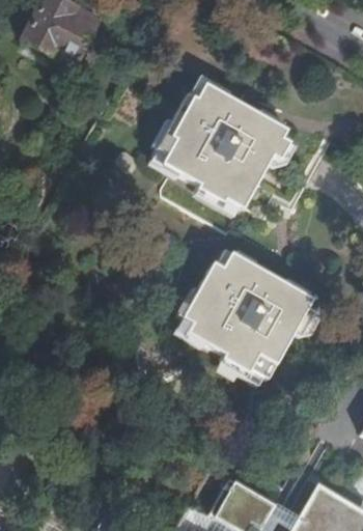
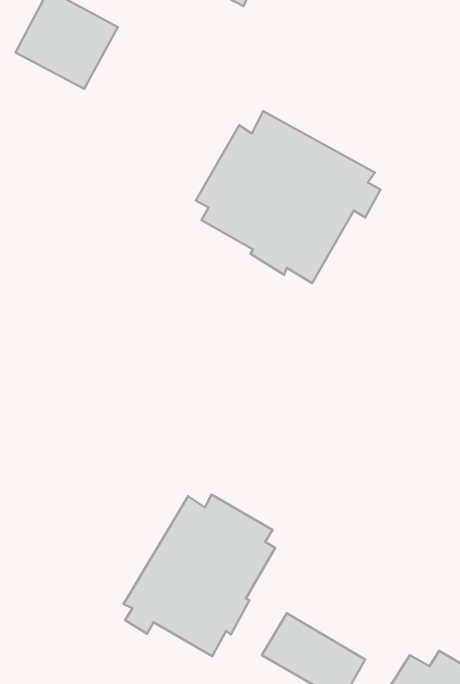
building: [180,254,316,382] -> none
building: none -> [123,494,275,656]

